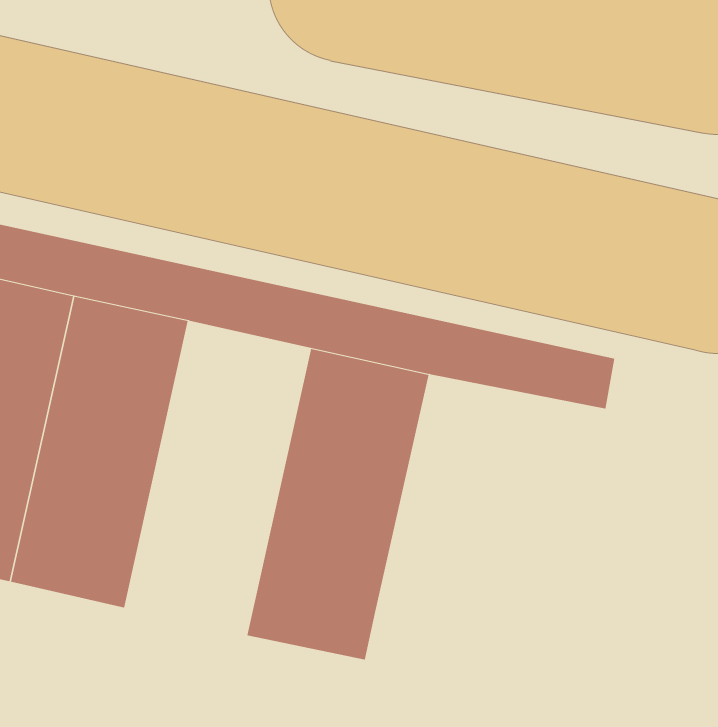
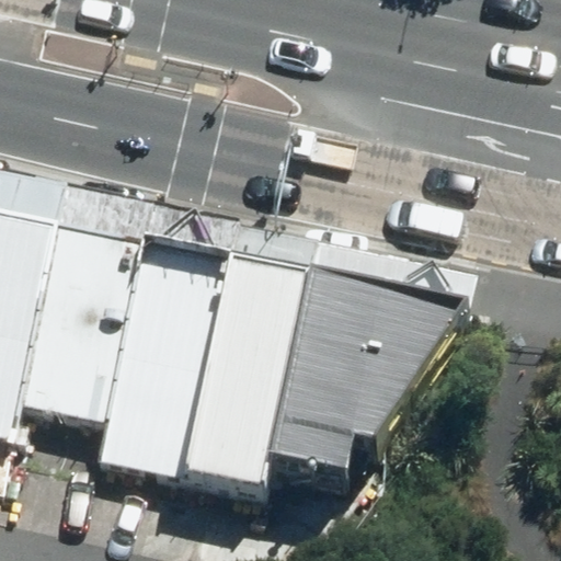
building: none -> [94,242,234,480]
building: none -> [284,283,474,473]

